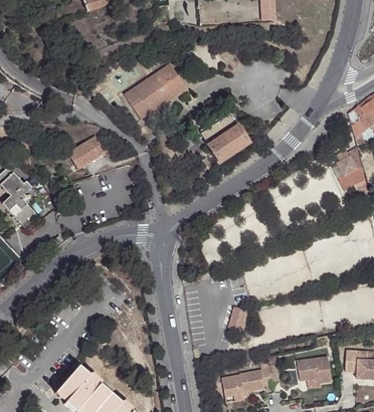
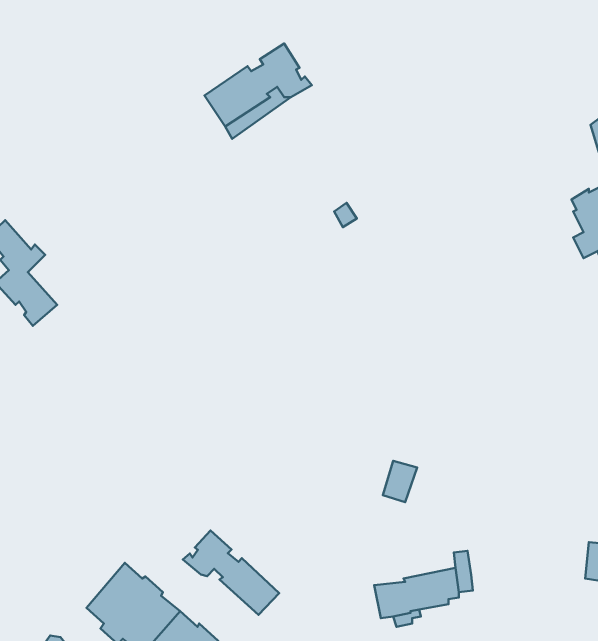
building: [200,113,247,160] -> none
building: [67,135,106,168] -> none
building: none -> [183,530,279,615]
building: [299,359,332,386] -> none

